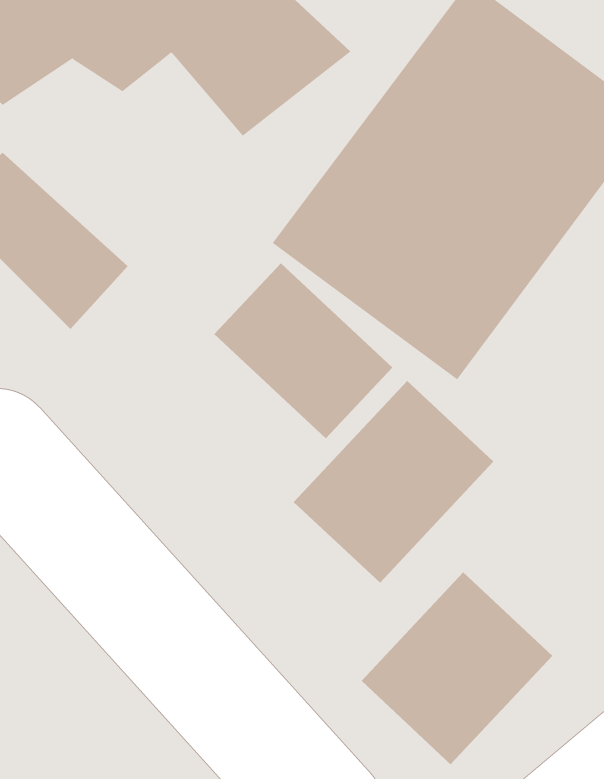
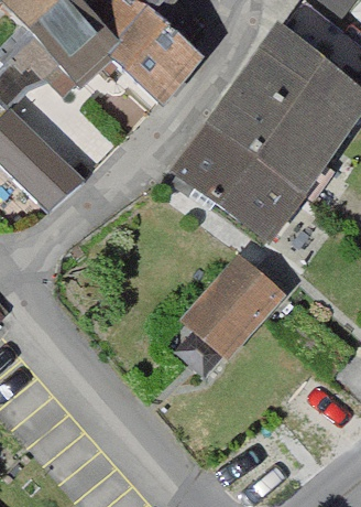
building: [214,262,393,439] -> none
building: [361,572,553,765] -> none

